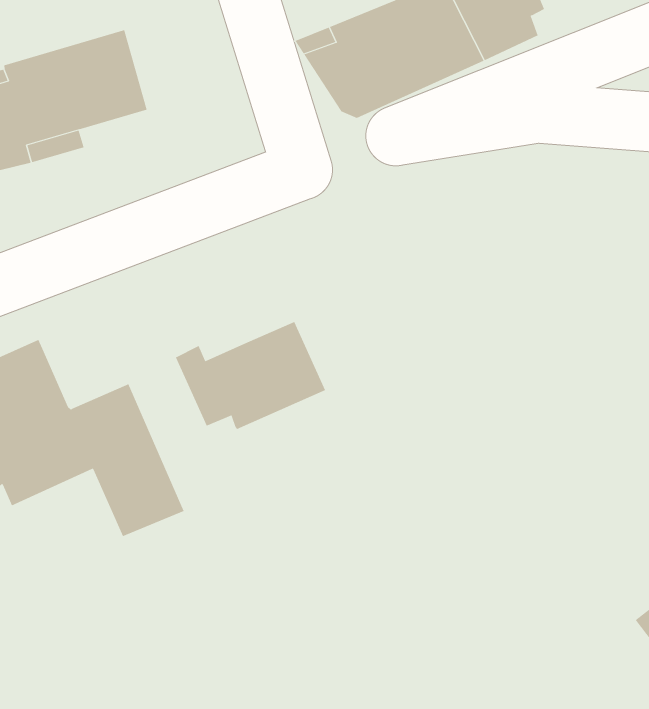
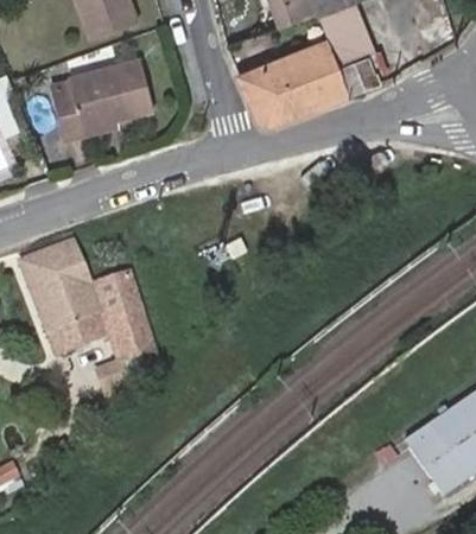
building: [175,321,326,430] -> none

